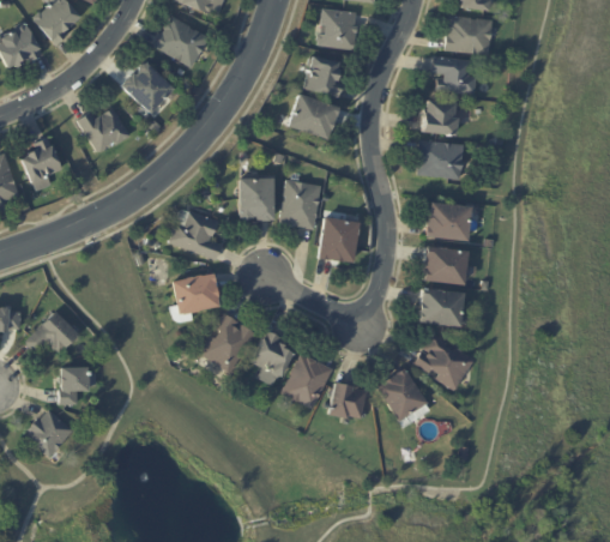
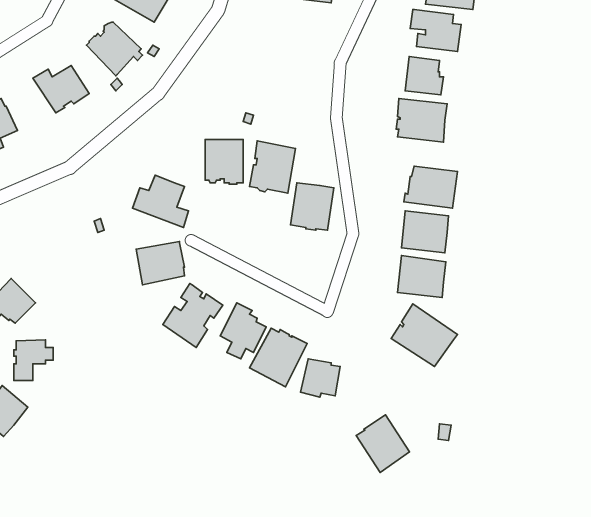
building: [304,55,343,97] -> none
building: [288,92,339,139] -> none
building: [376,368,427,422] -> [356,415,410,472]

